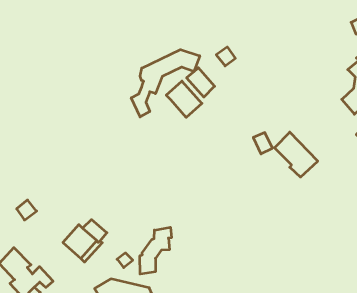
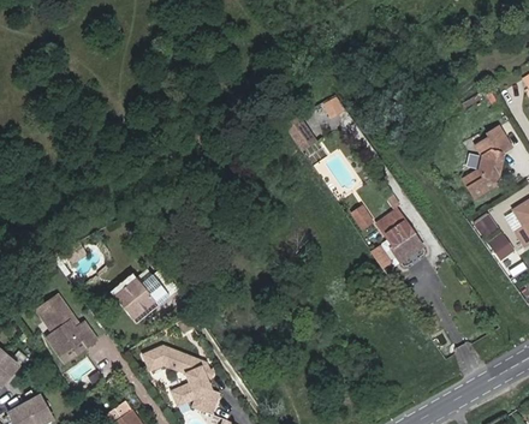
building: [131,50,200,117] -> none
building: [166,81,202,117] -> none
building: [140,227,171,274] -> none

